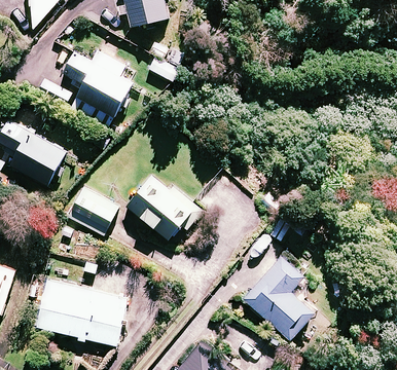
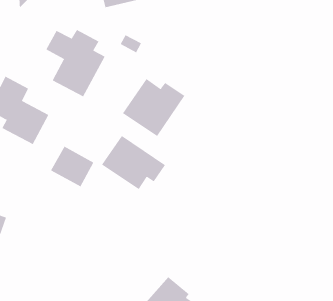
building: none -> [122,78,185,137]
building: [244,255,314,339] -> none
building: [36,279,128,345] -> none

